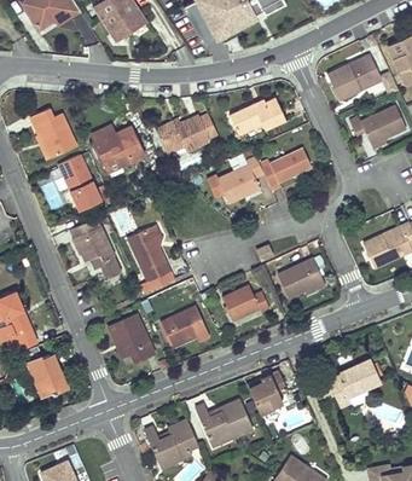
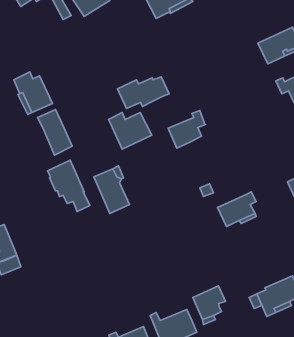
building: [230,95,285,134] -> none
building: [91,127,144,172] -> [108,112,152,149]
building: [260,147,312,190] -> none
building: [222,285,269,319] -> none
building: [161,307,202,347] -> none
building: [109,314,153,361] -> none
building: [27,350,68,395] -> none

